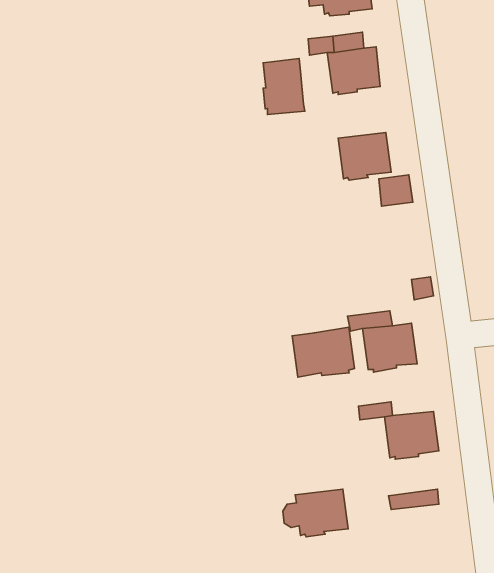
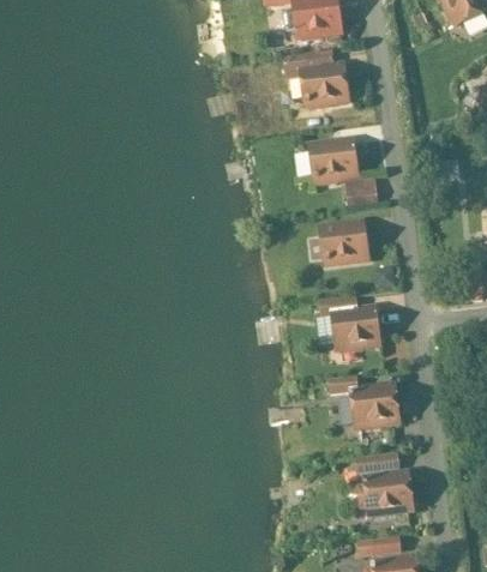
building: [263,58,305,114] -> none
building: none -> [320,222,367,263]
building: [292,327,355,377] -> none
building: [283,489,348,537] -> [354,474,411,516]

